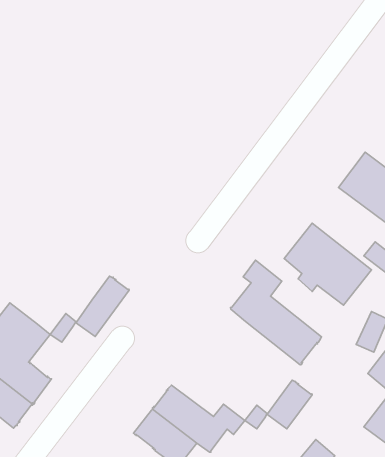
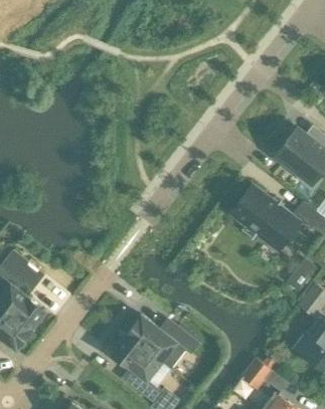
building: [230,260,322,365] -> none
building: [50,276,129,342] -> none
building: [245,380,312,429] -> none

